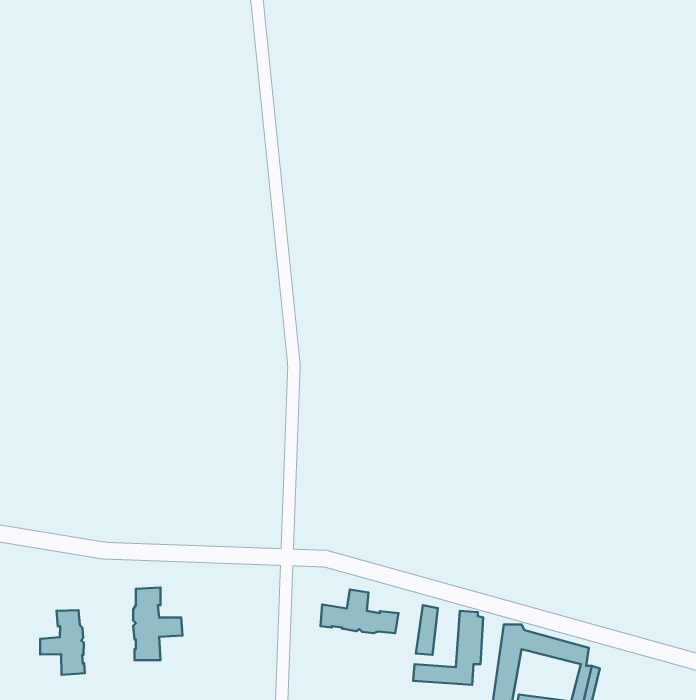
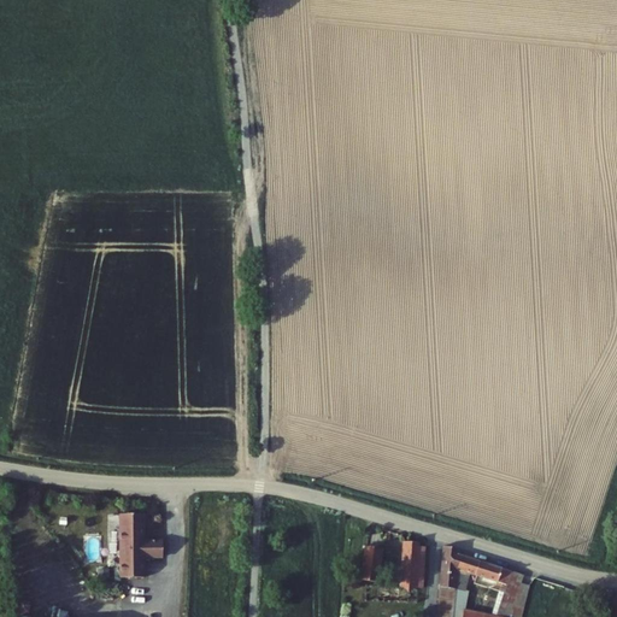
building: [320,589,399,633] -> none
building: [40,610,85,675] -> none

